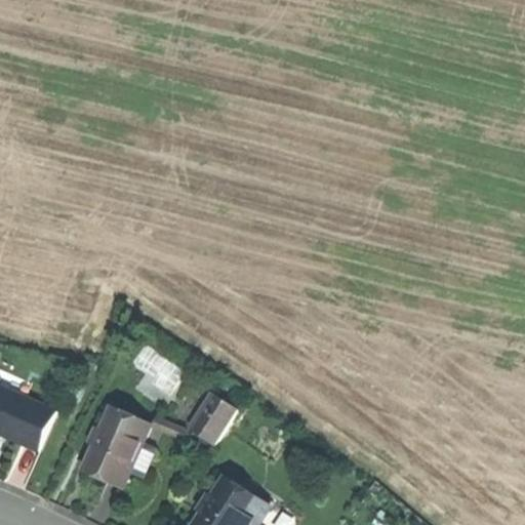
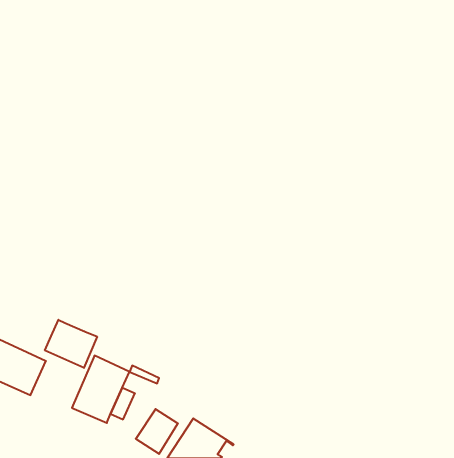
building: none -> [45,320,97,368]
building: [186,394,234,445] -> [136,409,178,454]

